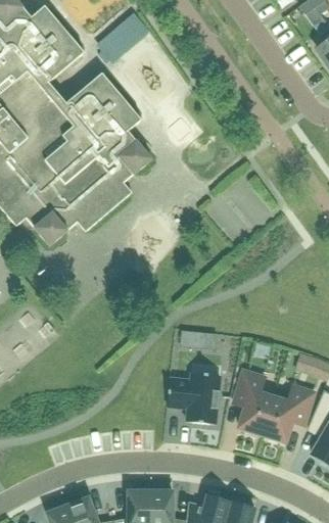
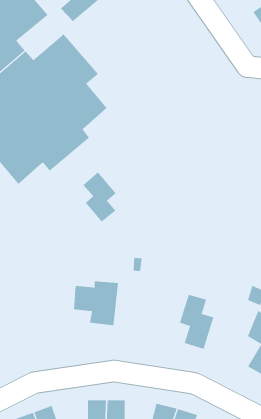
building: none -> [82,172,117,222]
building: [167,372,219,423] -> [73,281,119,326]
building: [262,385,313,441] -> none

